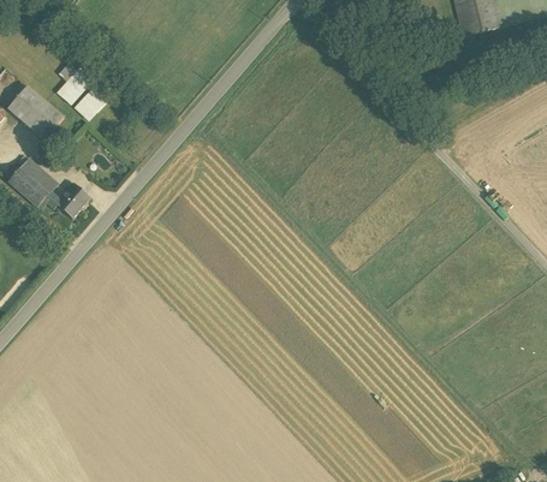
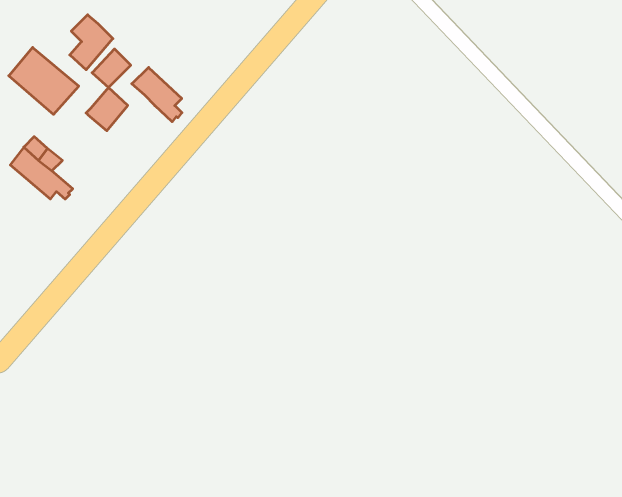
building: none -> [132,67,182,122]
building: [55,183,89,218] -> [86,88,128,131]

